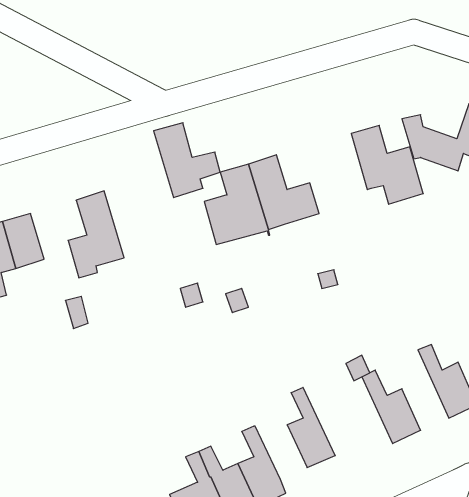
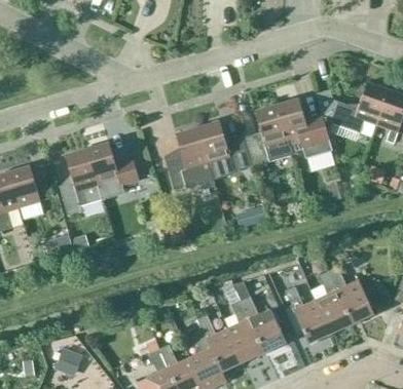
building: [154,123,220,198] -> [86,142,138,199]
building: none -> [245,104,294,165]
building: none -> [316,270,352,332]
building: none -> [236,282,286,351]
building: none -> [197,314,243,369]
building: none -> [54,347,83,377]

